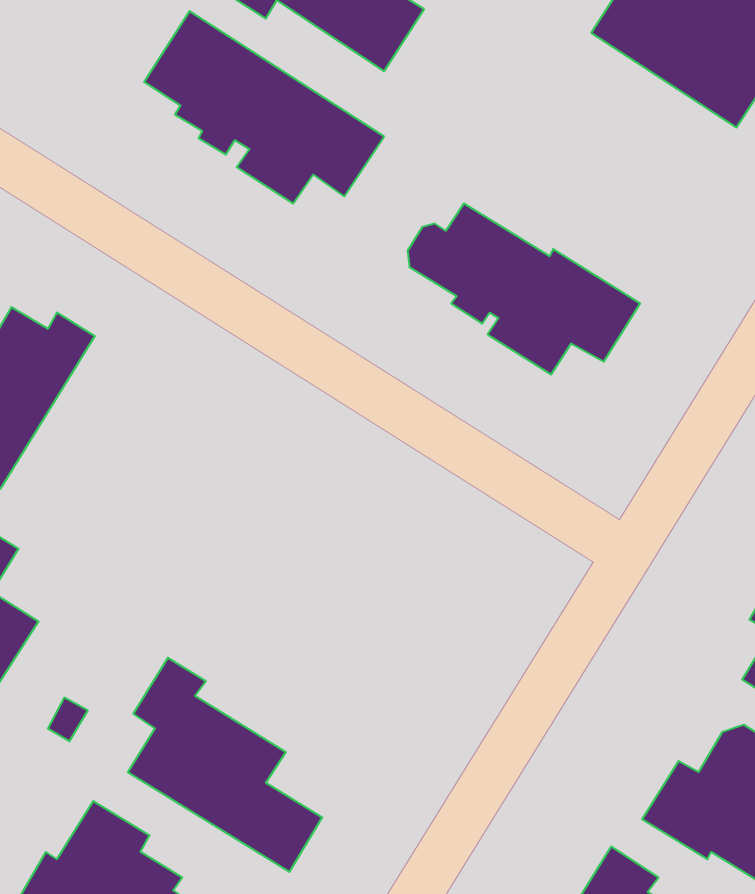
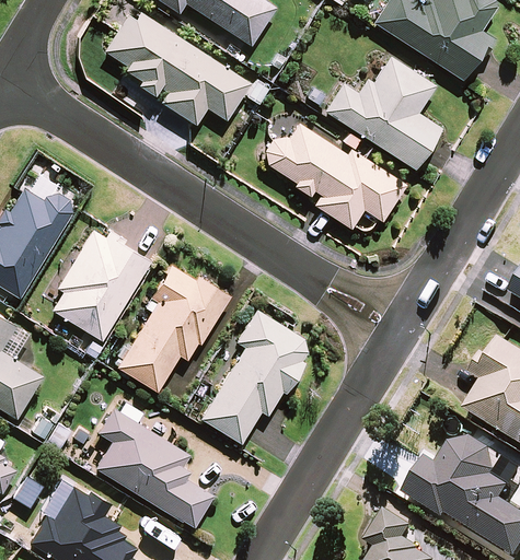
building: none -> [325,58,441,168]
building: none -> [53,231,149,340]
building: none -> [118,264,231,390]
building: none -> [201,311,313,443]

